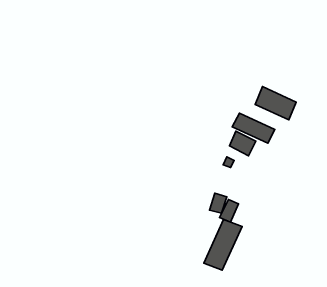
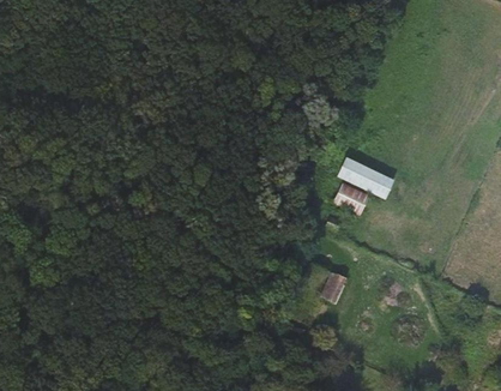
building: [255,86,296,120] -> none
building: [204,219,242,270] -> none

